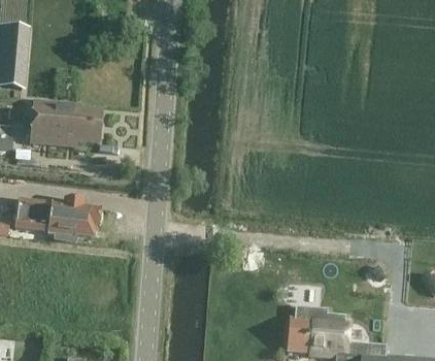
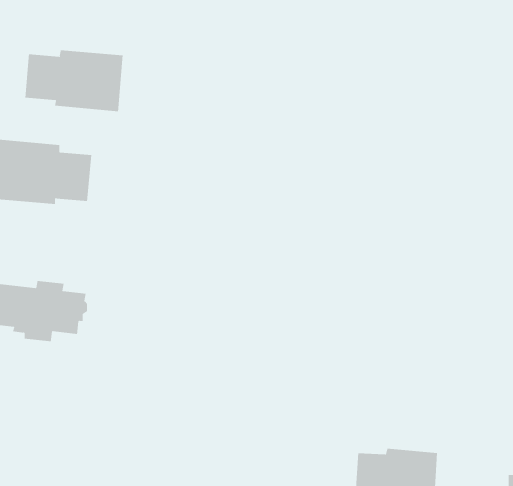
building: none -> [25,49,123,112]

